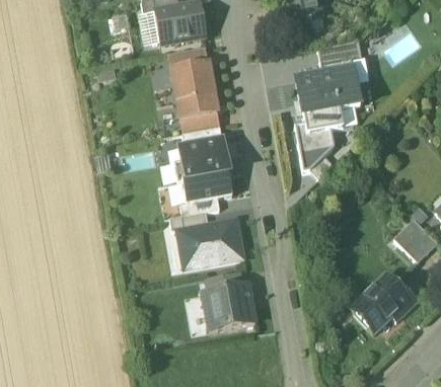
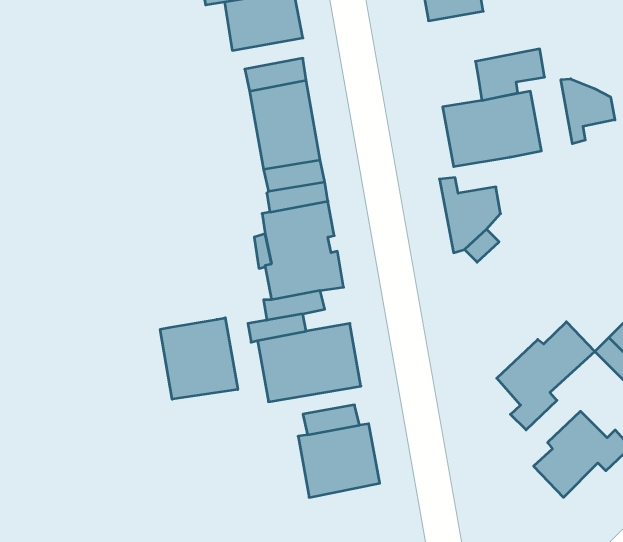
building: none -> [561,79,615,144]
building: [303,109,343,133] -> none
building: none -> [160,318,238,399]
building: none -> [497,322,595,430]

